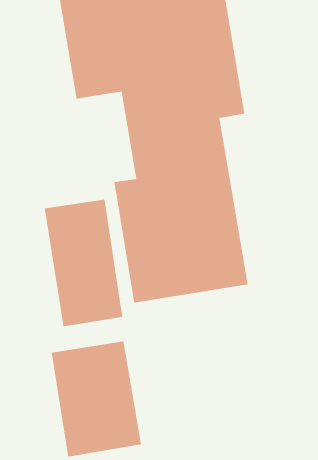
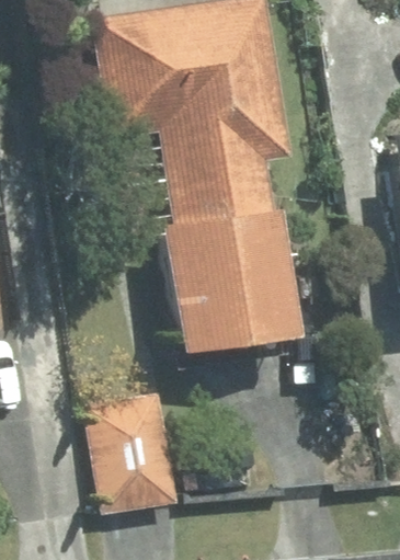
building: [44,199,123,327] -> none

